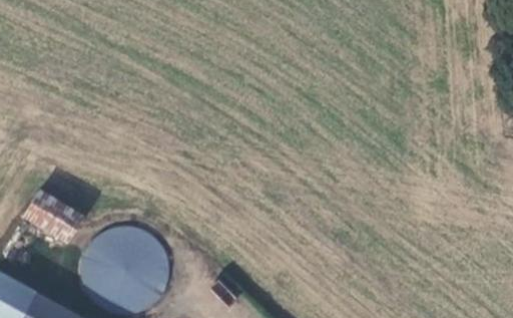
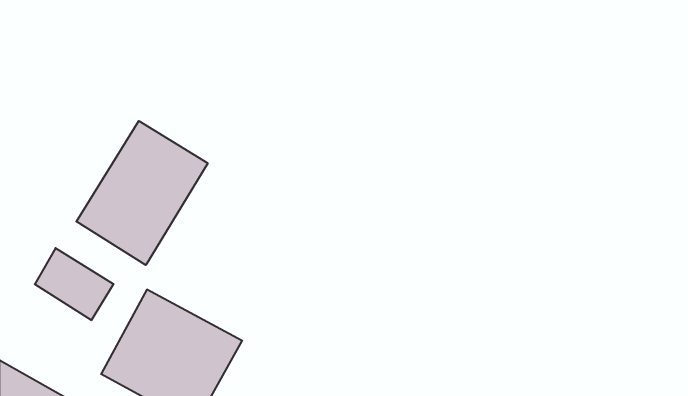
building: none -> [76,121,208,265]

